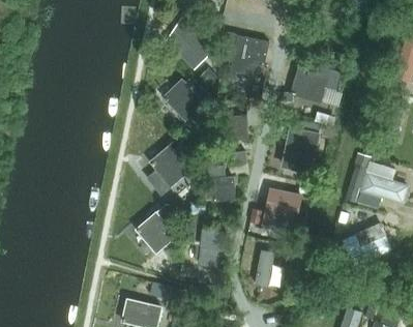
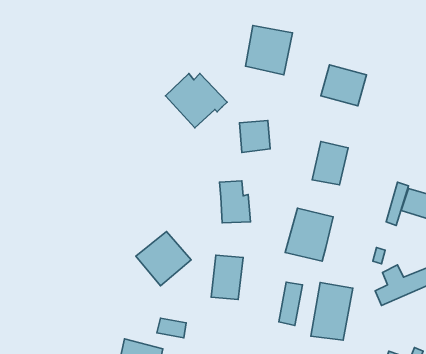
building: [169,25,212,68] -> none
building: [149,144,191,187] -> none
building: none -> [311,282,353,340]

